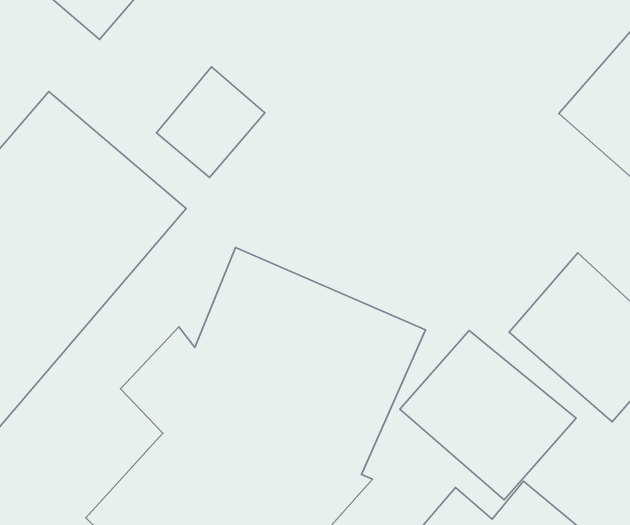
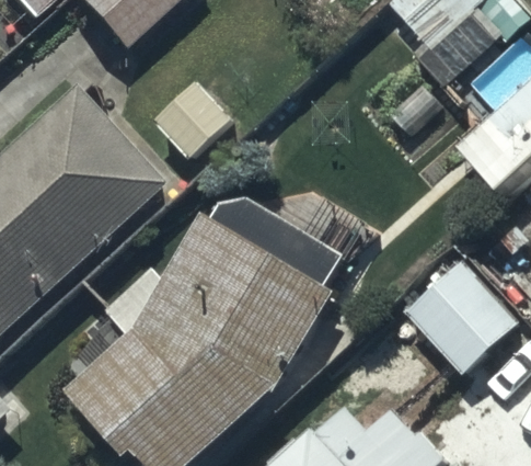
building: [400,330,576,500] -> none

